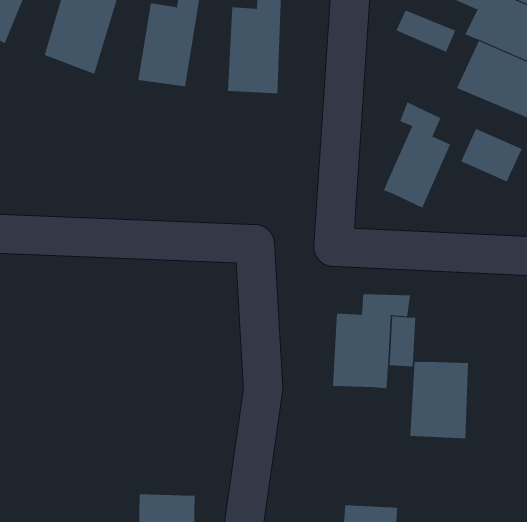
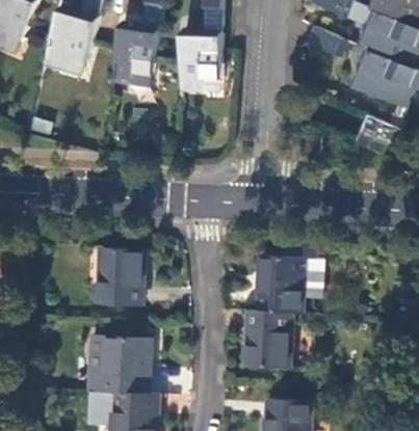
building: [383,102,451,208] -> none
building: none -> [99,250,143,307]
building: [410,362,469,439] -> [245,312,290,370]
building: none -> [84,336,147,394]

